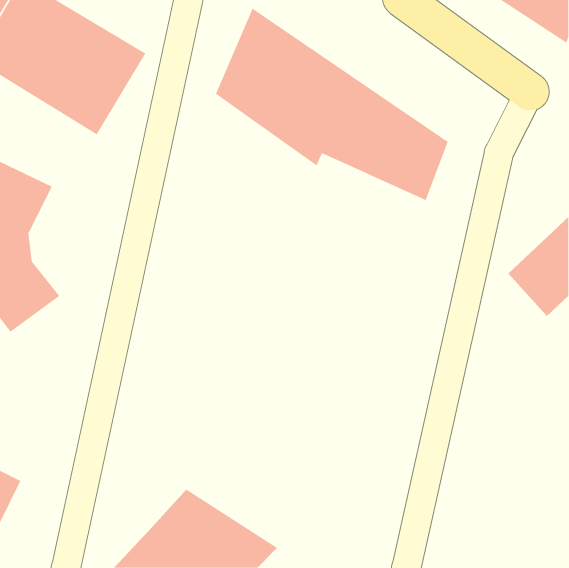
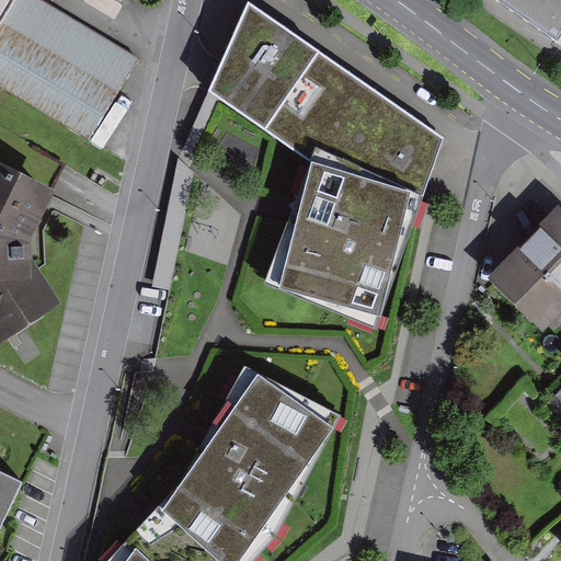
building: none -> [271,151,419,320]
building: none -> [183,369,331,538]

